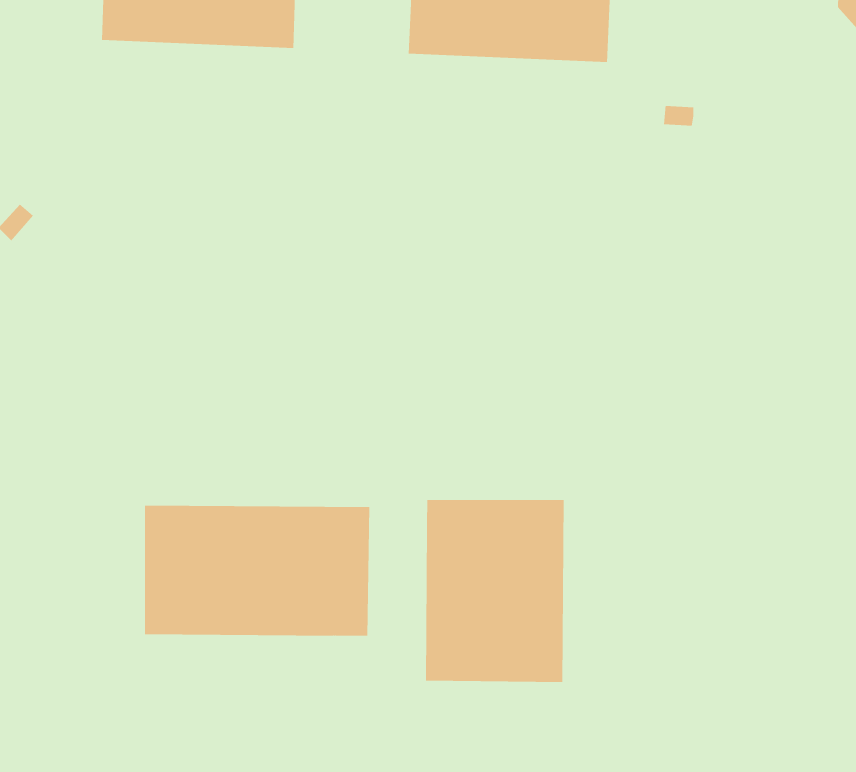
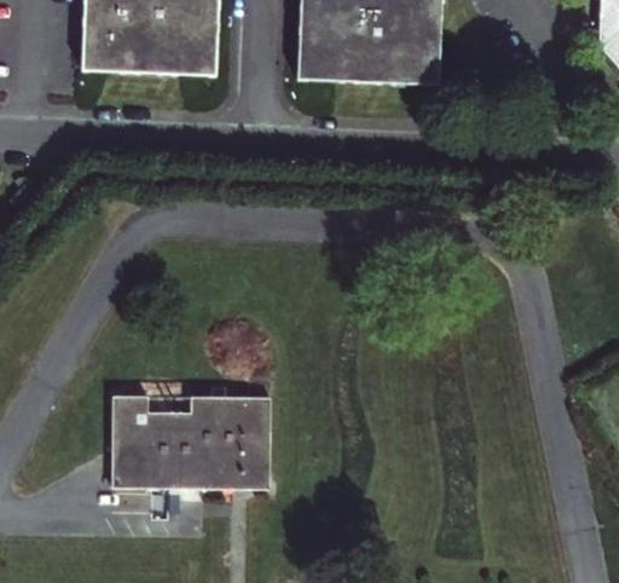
building: [426,499,564,683] -> none

